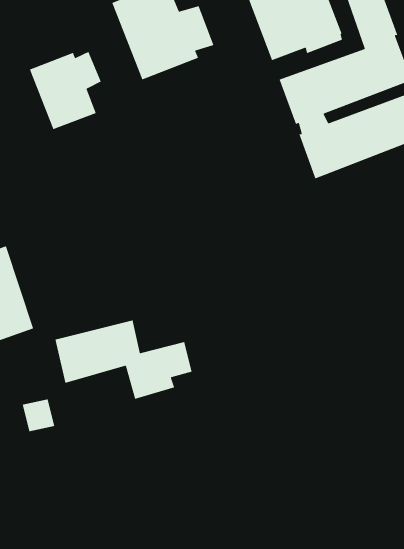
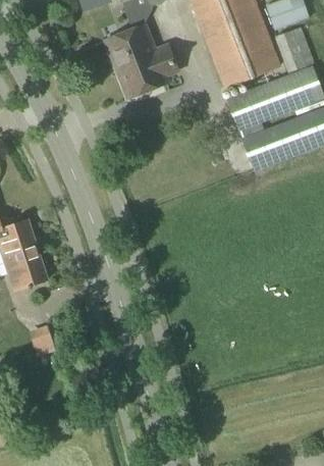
building: [29,51,102,130] -> none
building: [55,320,193,400] -> none

